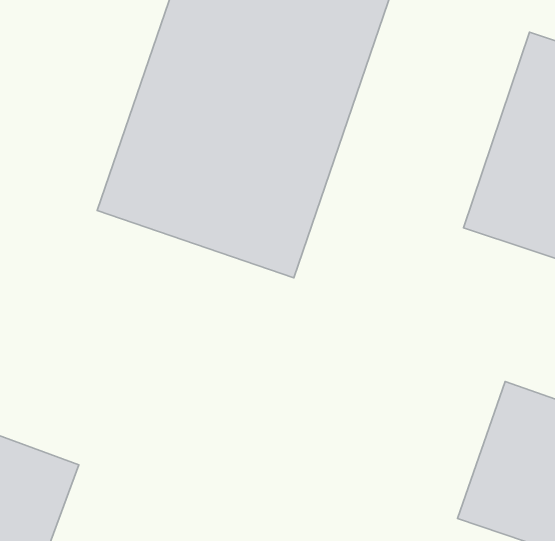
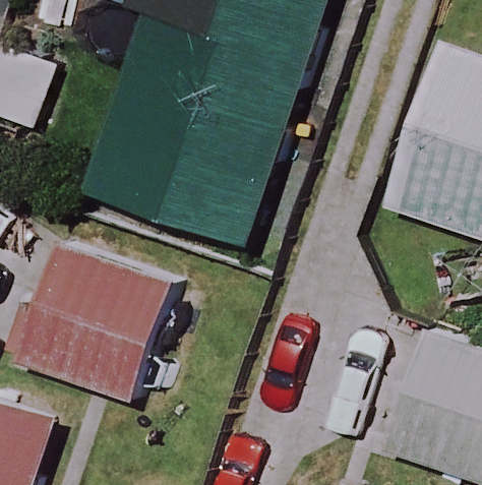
building: none -> [12,244,174,400]

